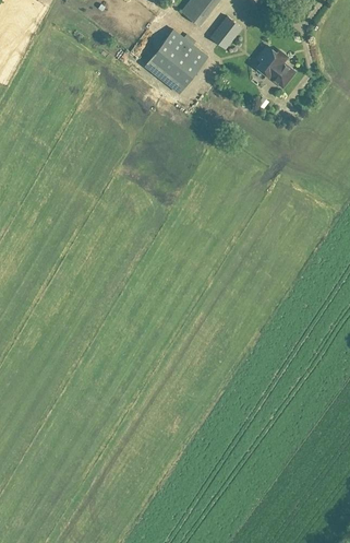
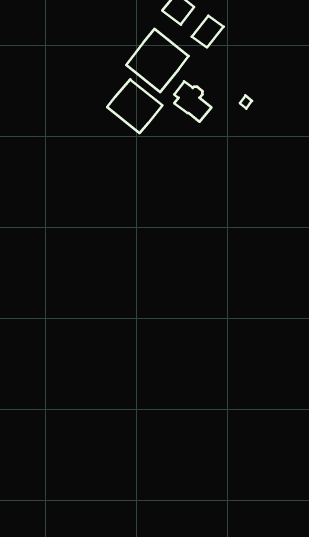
building: [256,46,293,86] -> [174,81,211,122]
building: none -> [107,79,162,133]

